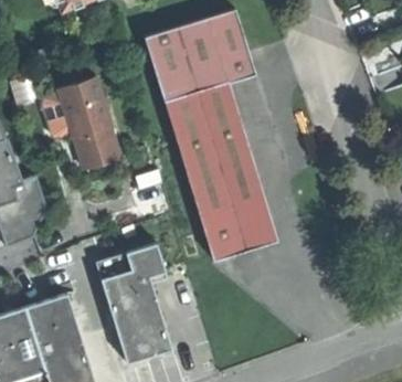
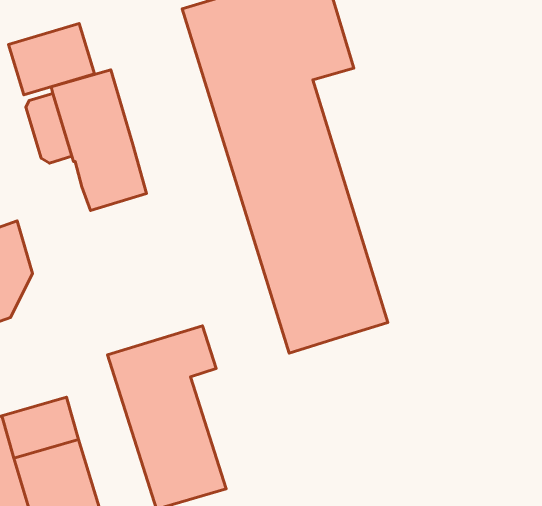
building: none -> [8,23,94,95]

